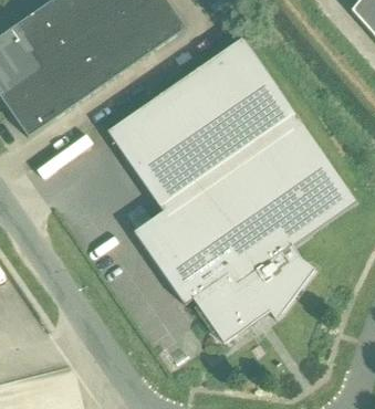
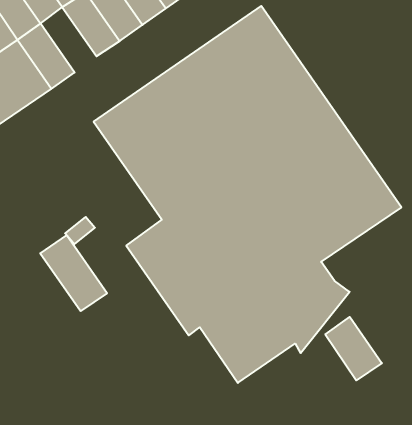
building: [63,38,108,91] -> none
building: none -> [40,235,107,311]
building: none -> [325,317,382,380]

